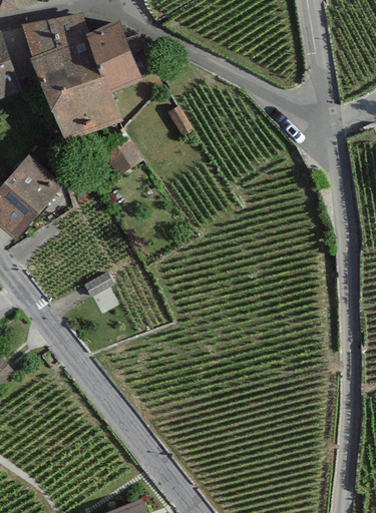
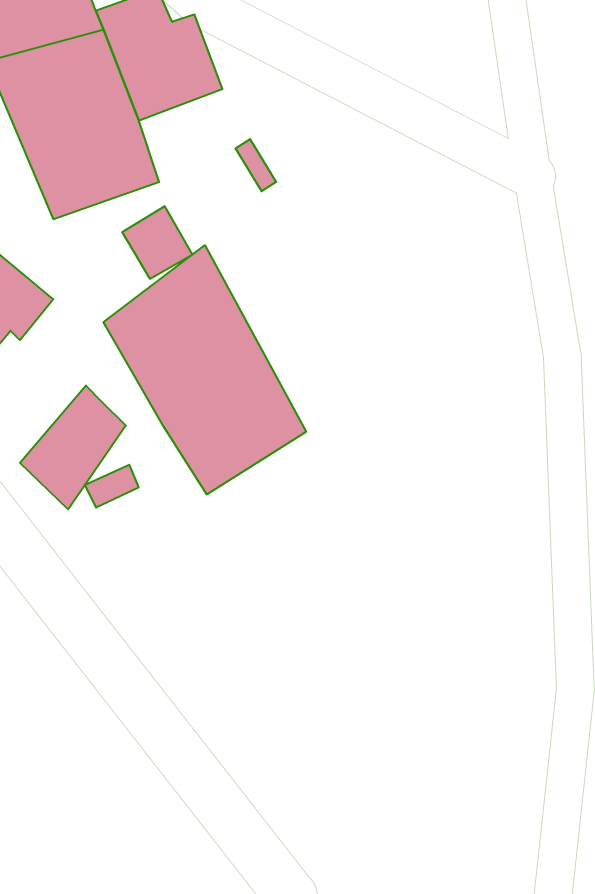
building: none -> [104,245,306,494]
building: none -> [20,385,126,509]

